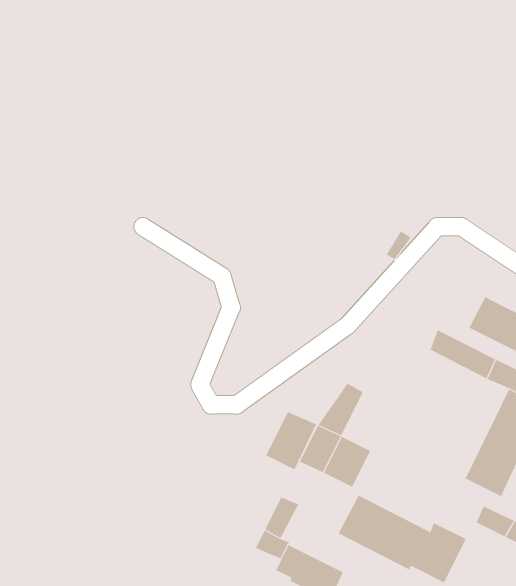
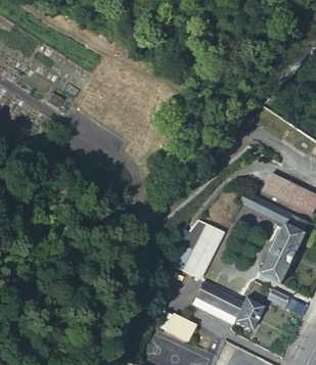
building: [265,411,317,470] -> [194,226,223,259]

